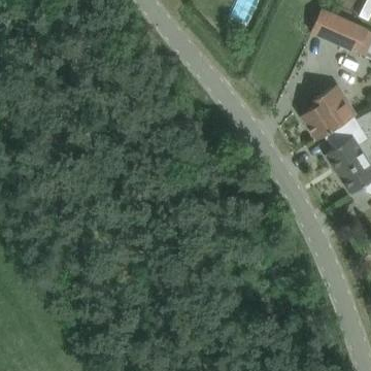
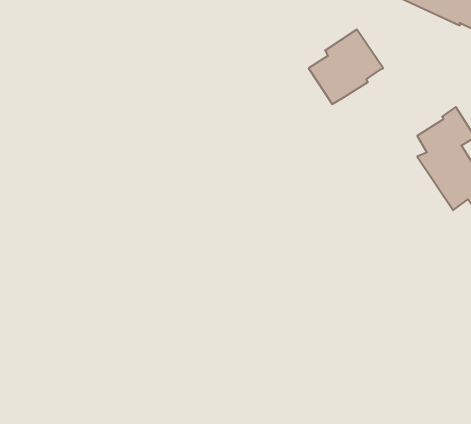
building: [298,85,353,140] -> [309,30,383,104]

